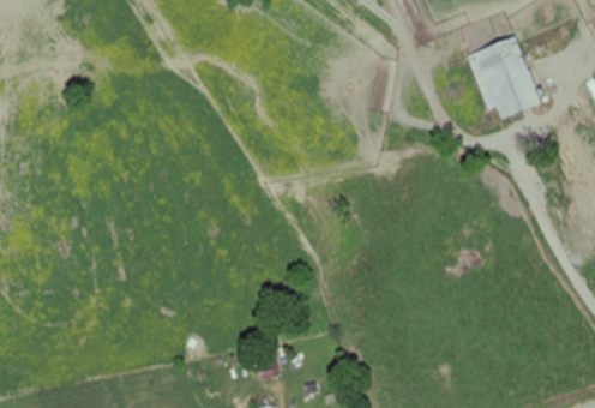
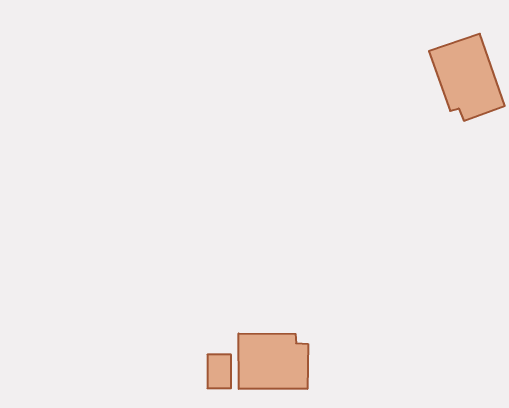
building: none -> [239,333,308,389]

